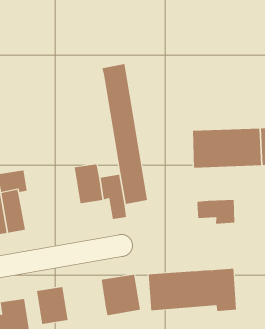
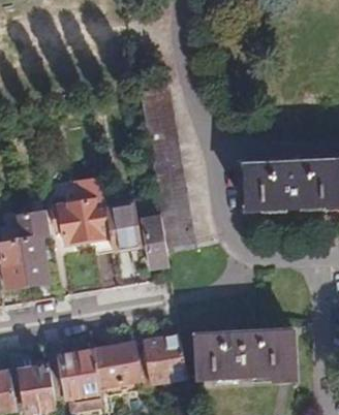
building: none -> [53,177,113,254]
building: [197,199,235,224] -> none
building: none -> [93,341,143,382]

